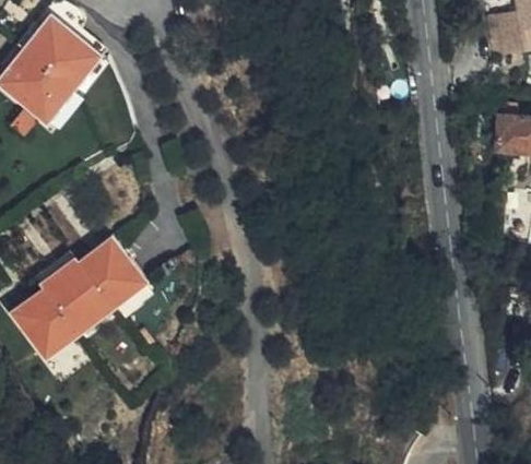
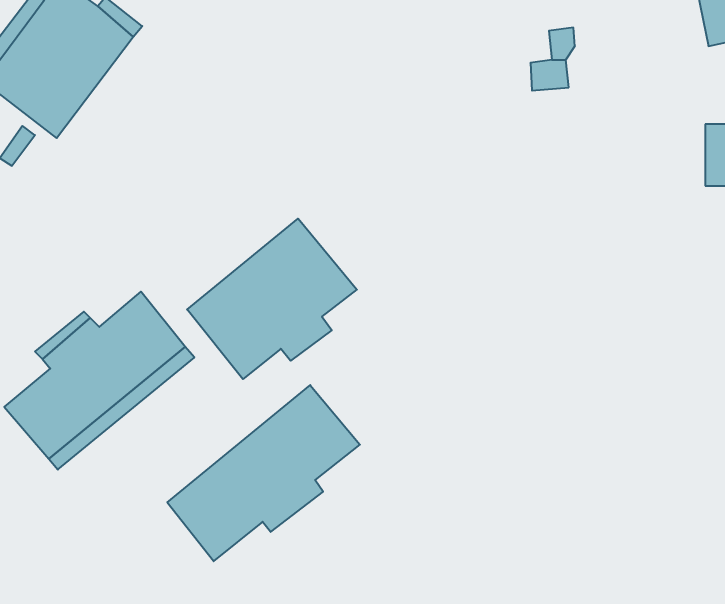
building: none -> [187,219,357,379]
building: none -> [167,385,360,561]

